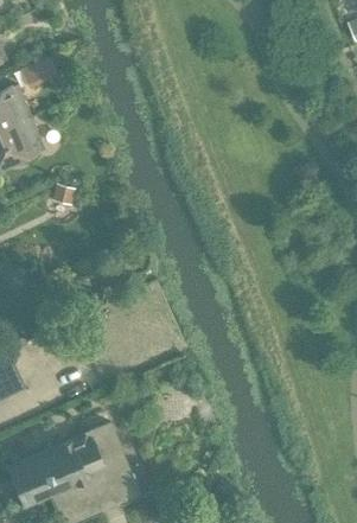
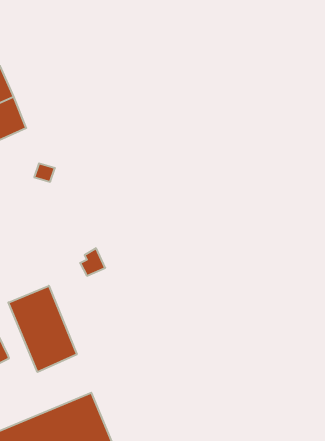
building: none -> [8,286,77,372]

